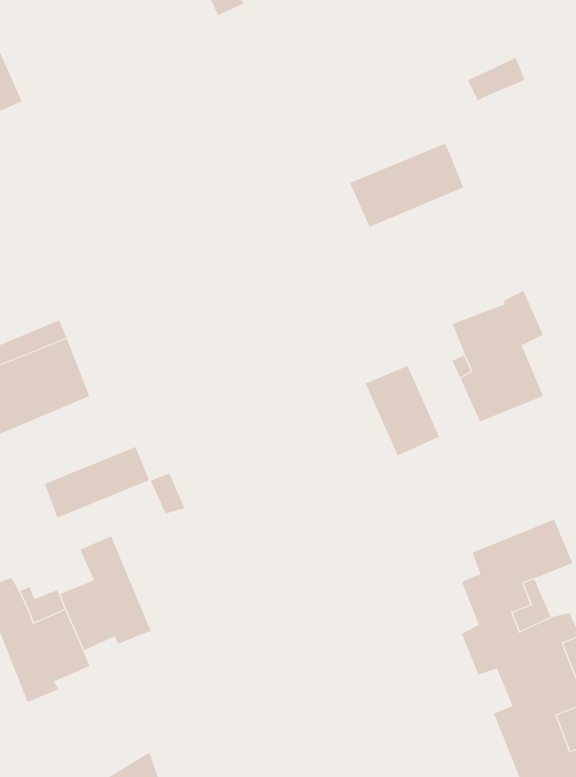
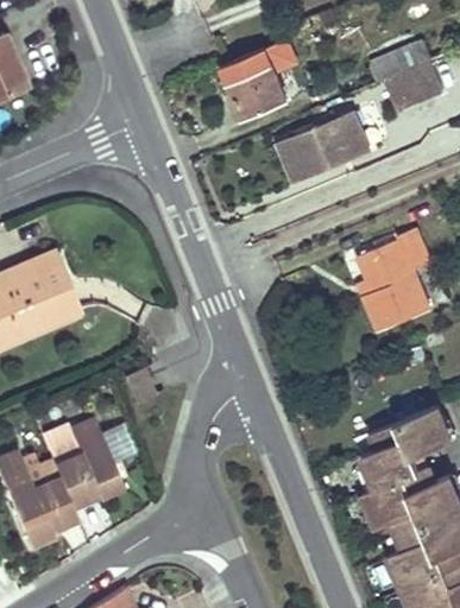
building: none -> [222,49,288,121]
building: none -> [382,61,441,110]
building: [365,365,440,456] -> none
building: [44,446,150,519] -> none

